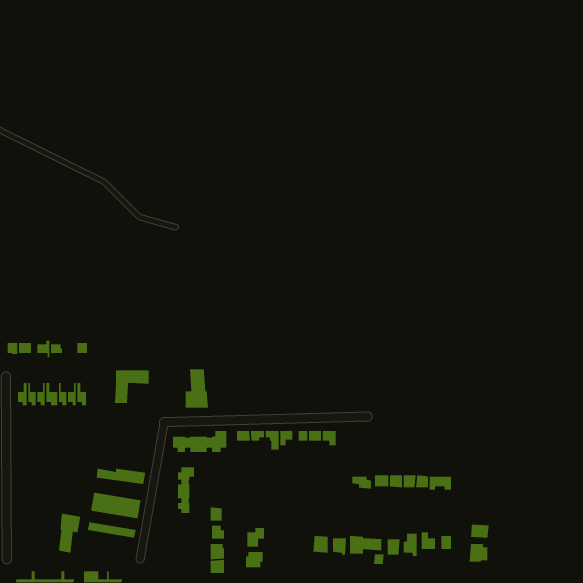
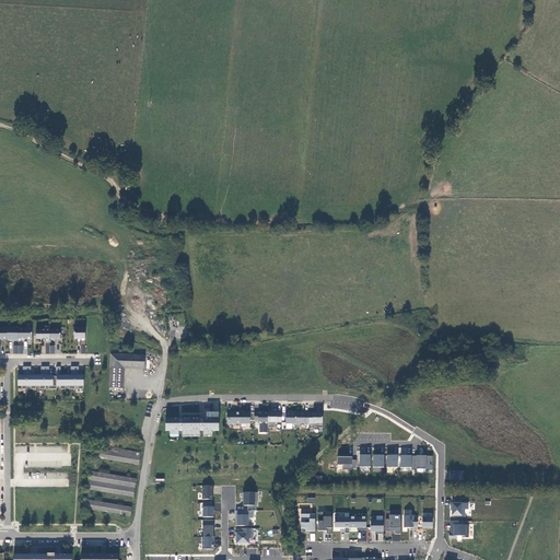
building: [185,369,209,408] -> none
building: [177,467,195,514] -> none
building: [58,513,81,553] -> none

